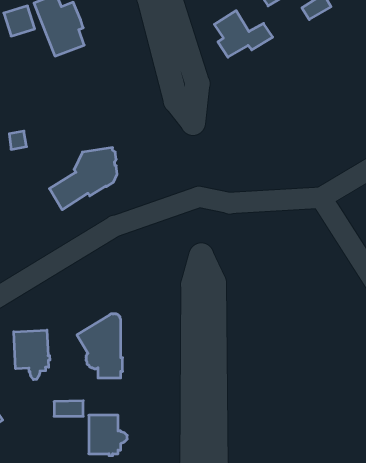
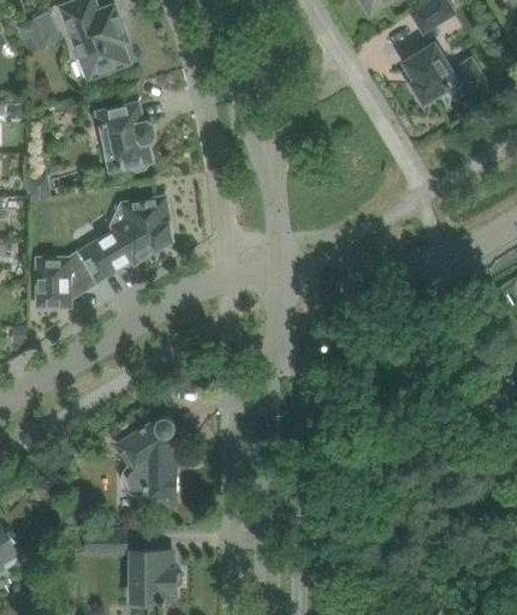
building: [214,11,273,57] -> [404,44,481,106]
building: none -> [97,105,153,171]
building: none -> [38,256,67,304]
building: [14,330,50,380] -> none

